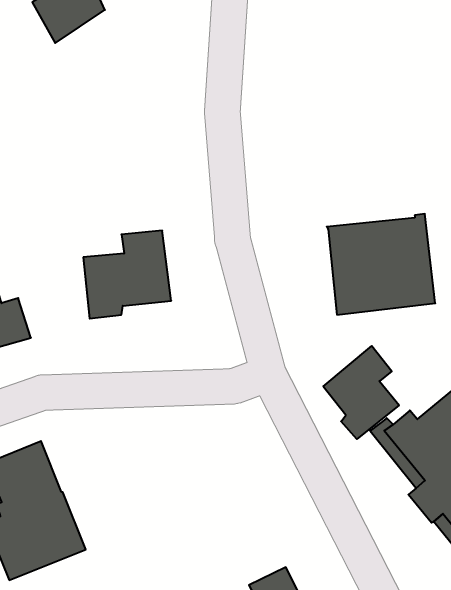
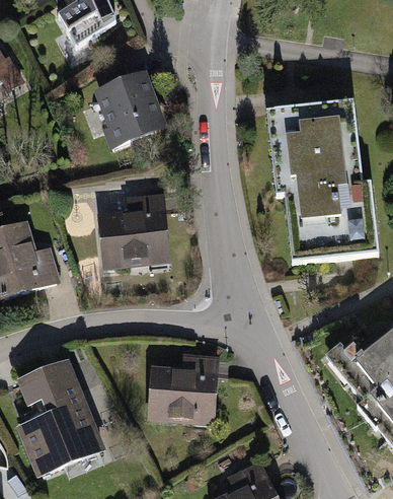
building: none -> [100,78,162,147]
building: none -> [274,102,363,196]
building: [323,346,399,439] -> none
building: none -> [150,355,218,417]

